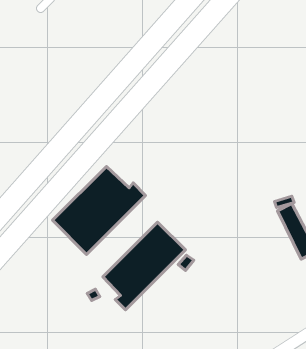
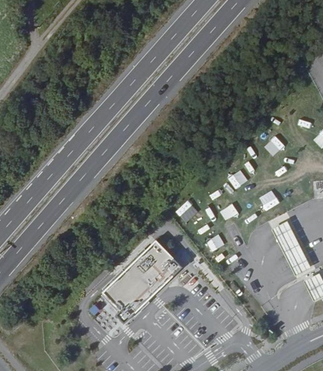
building: [53,166,146,254] -> none

